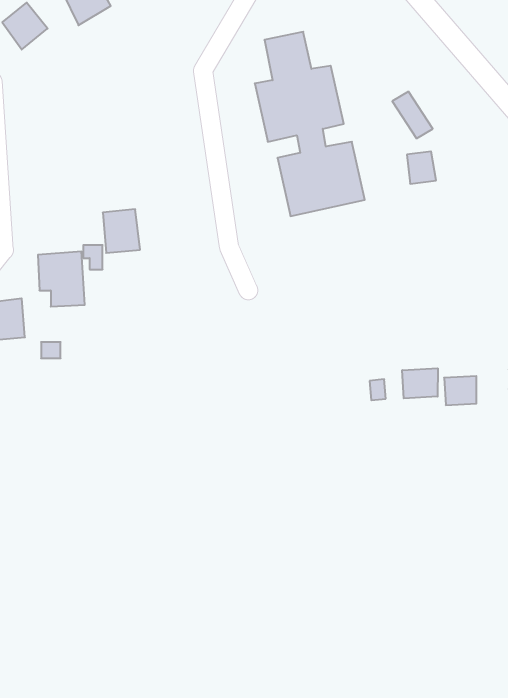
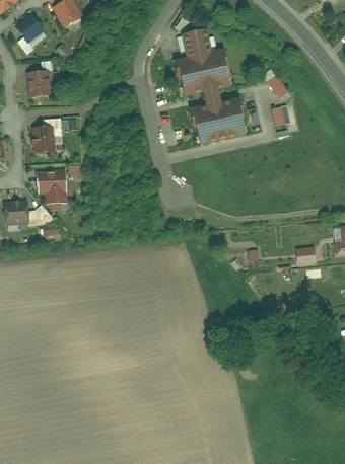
building: none -> [25,70,51,97]
building: [103,209,140,253] -> [31,125,55,152]
building: [402,368,438,398] -> none

